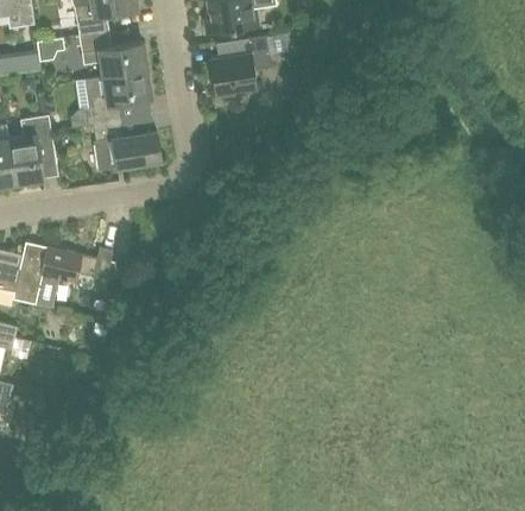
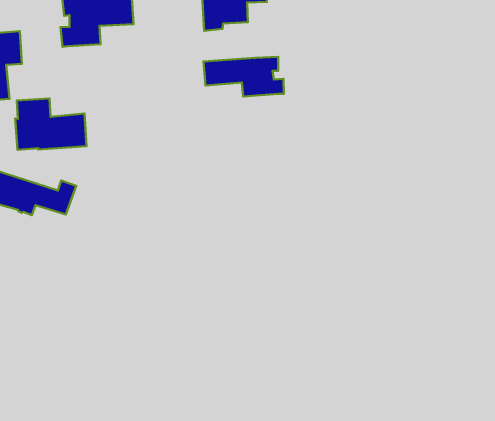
building: none -> [204,57,284,96]
building: [94,120,162,170] -> [15,99,87,150]

